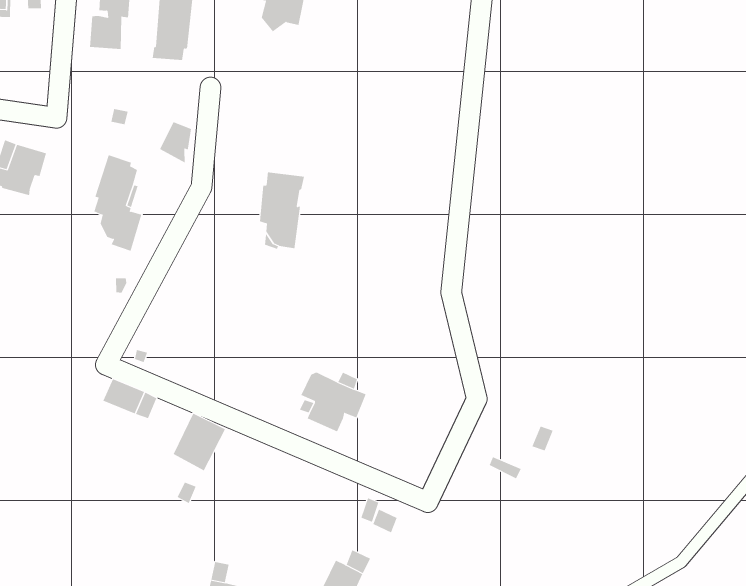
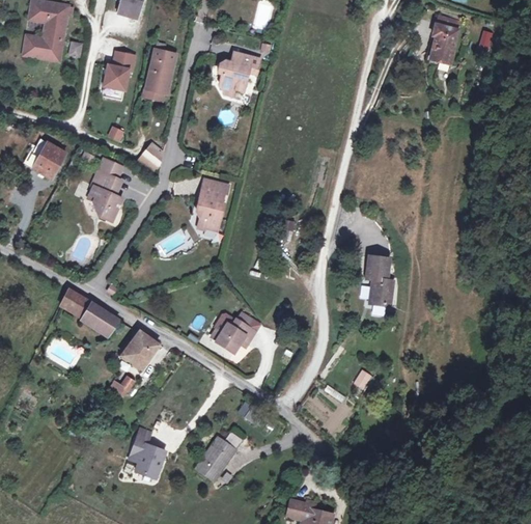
building: none -> [364,251,394,301]
building: none -> [58,286,90,314]

